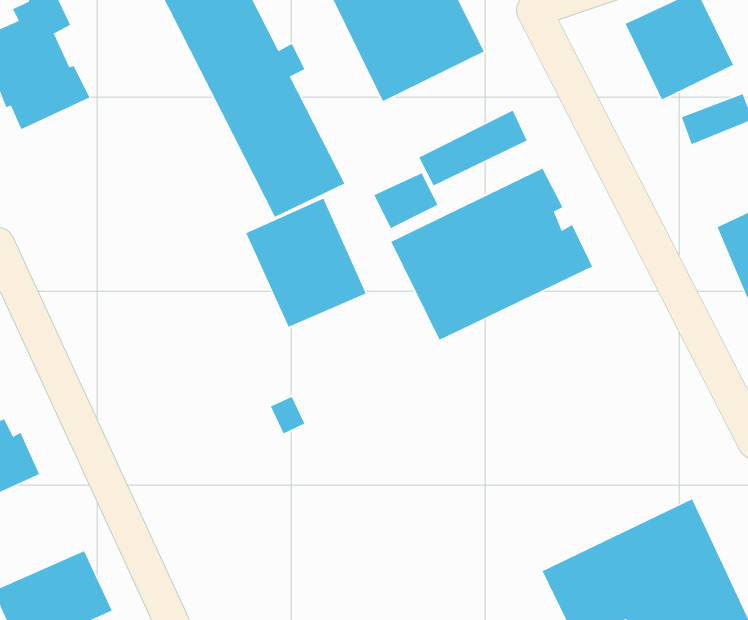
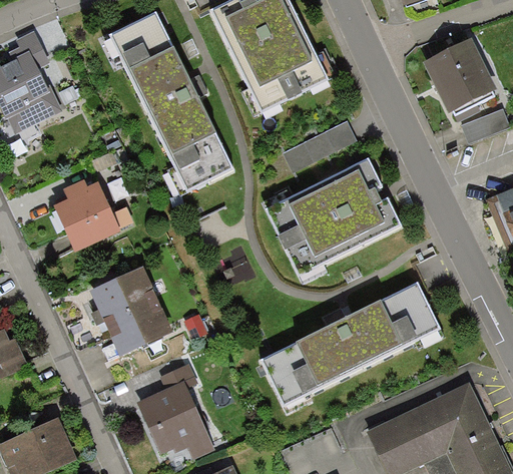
building: [373,172,438,229] -> none
building: [245,197,367,328] -> [91,267,173,355]
building: none -> [54,179,121,253]
building: none -> [260,282,442,408]
building: none -> [137,362,210,453]

